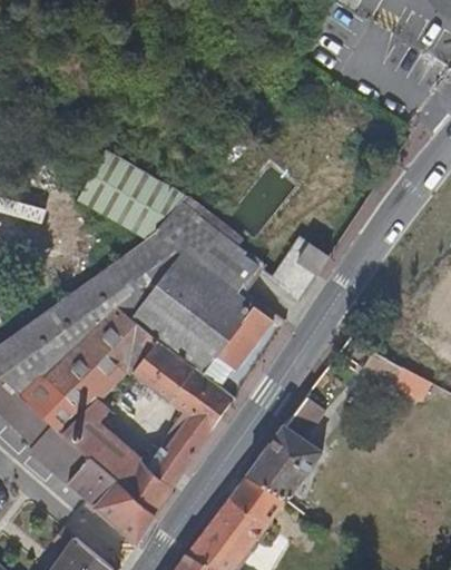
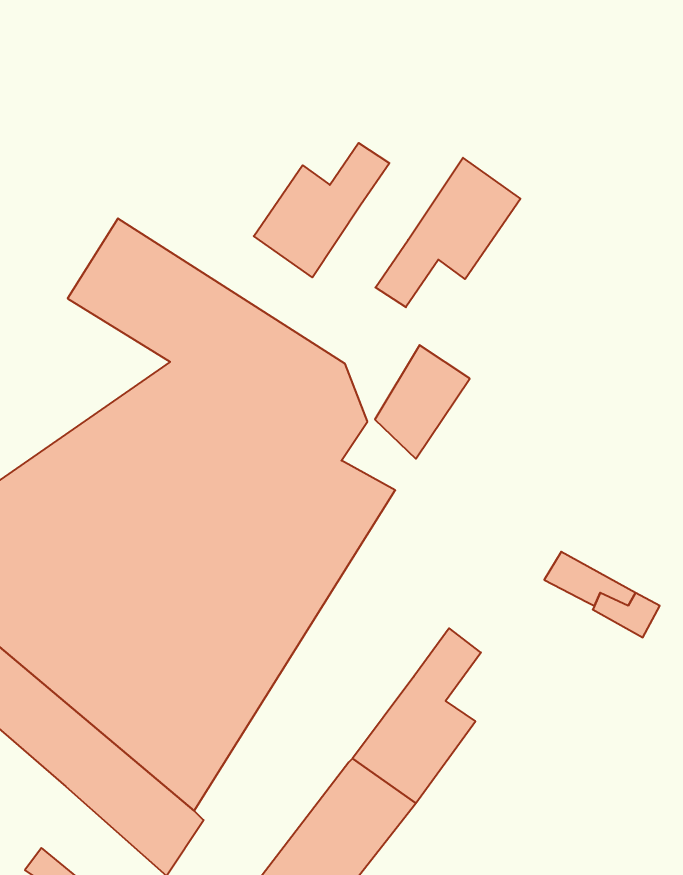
building: none -> [254,143,389,277]
building: none -> [375,158,520,307]

